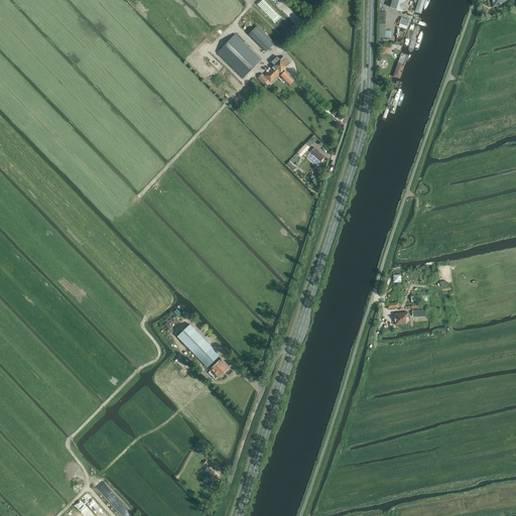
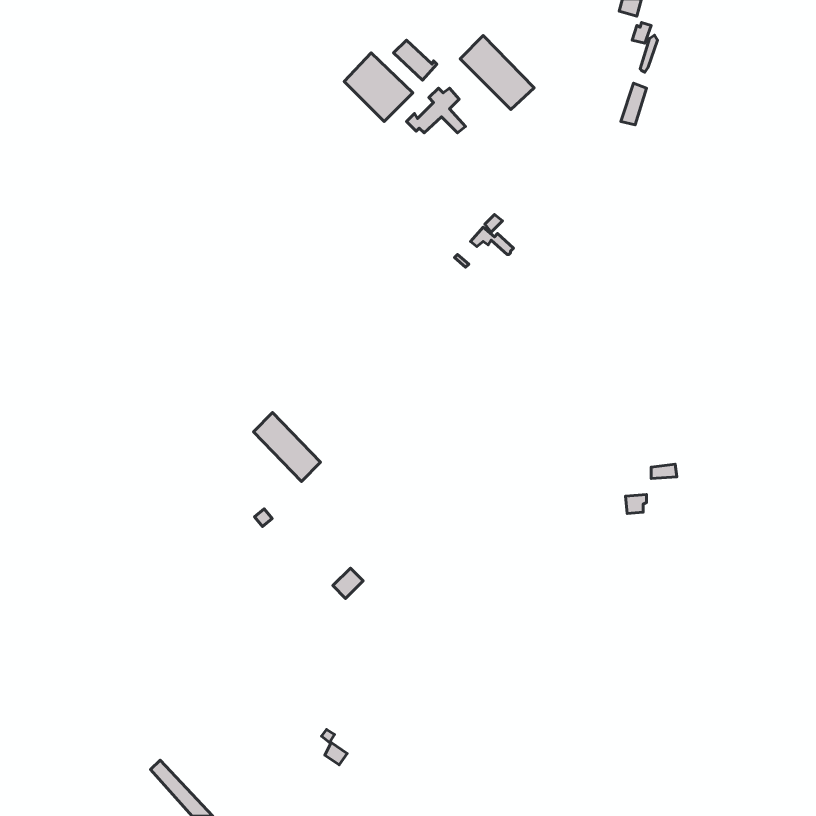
building: none -> [460,36,534,109]
building: [176,324,219,367] -> [253,413,321,481]

